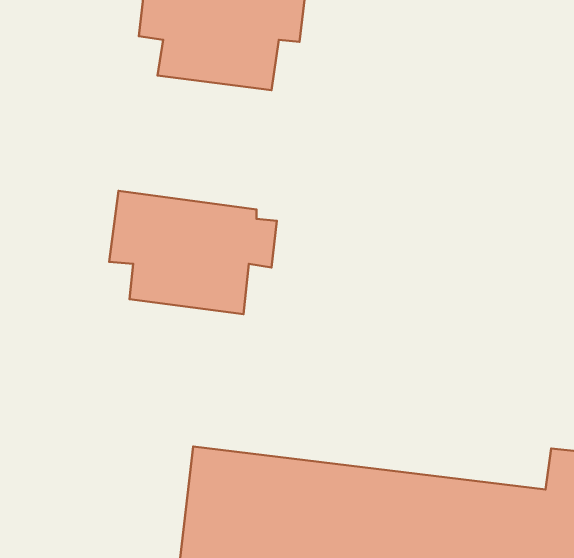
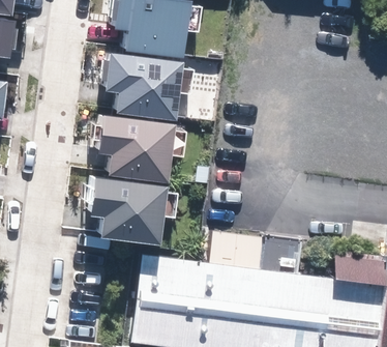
building: none -> [101,52,195,120]
building: none -> [87,175,179,243]

